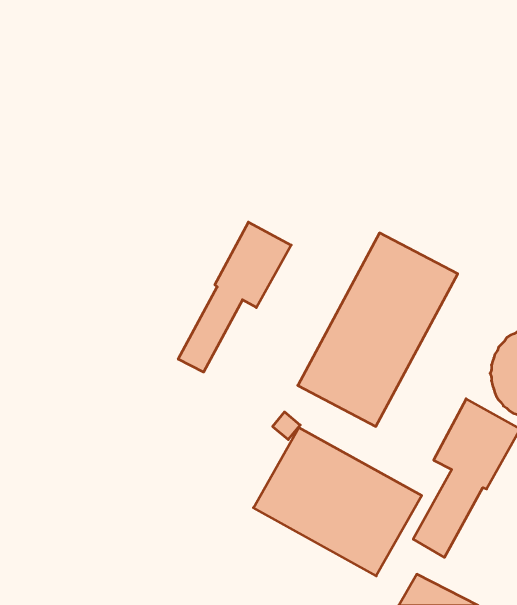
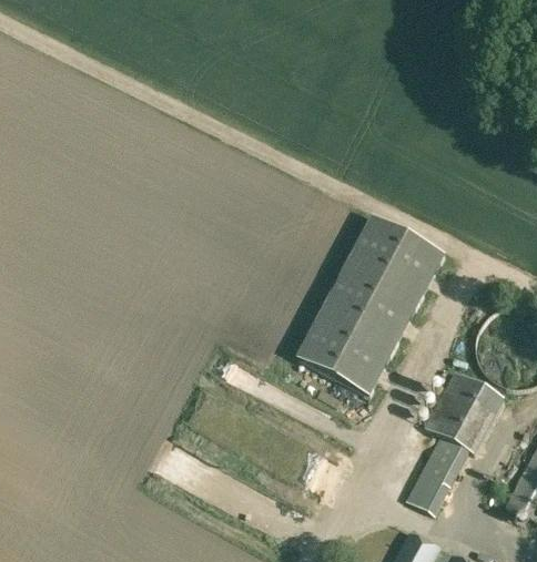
building: [178,222,291,372] -> none
building: [253,427,422,576] -> none

